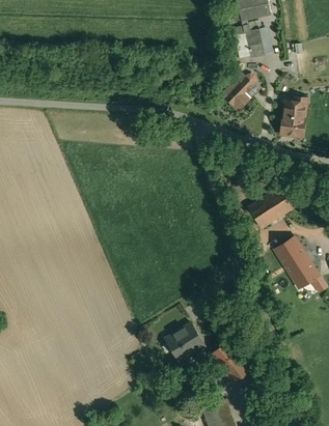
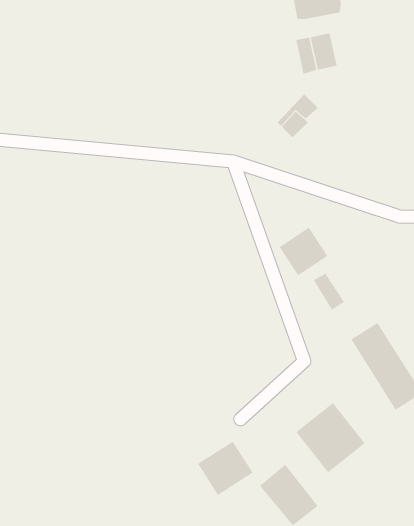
building: [281,101,305,137] -> none
building: [257,187,293,222] -> [279,227,328,276]
building: none -> [296,402,366,473]

